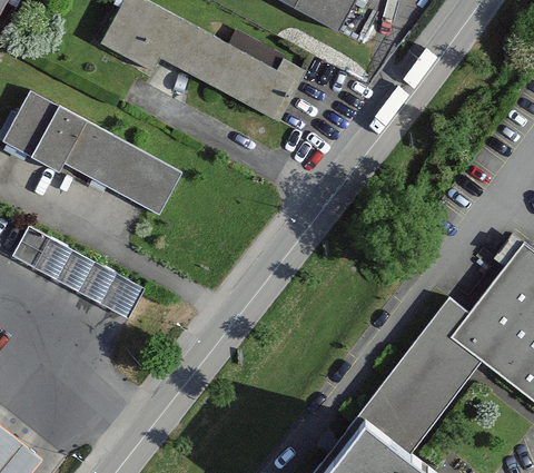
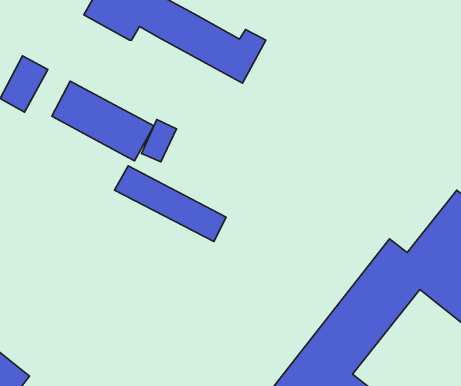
building: [31,106,83,168] -> none
building: none -> [141,120,176,162]
building: [13,227,141,314] -> [114,166,226,242]

